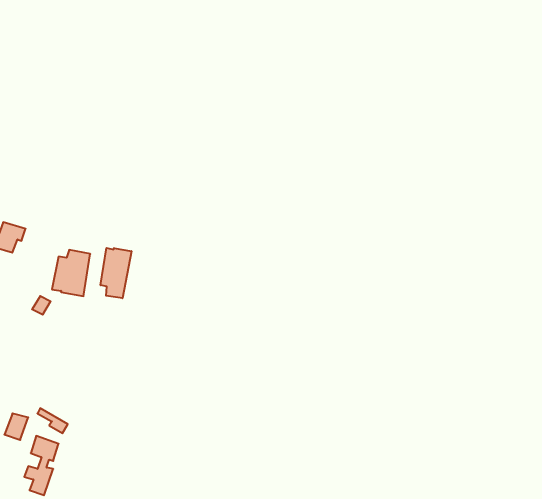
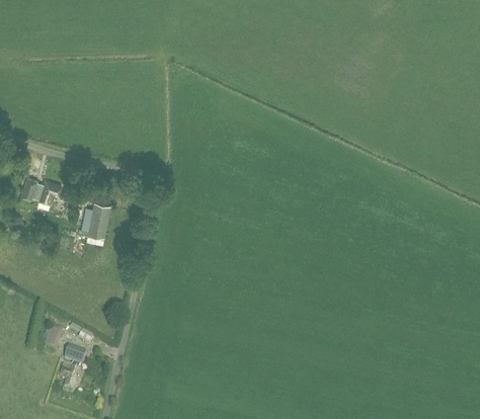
building: [101,248,131,298] -> none

